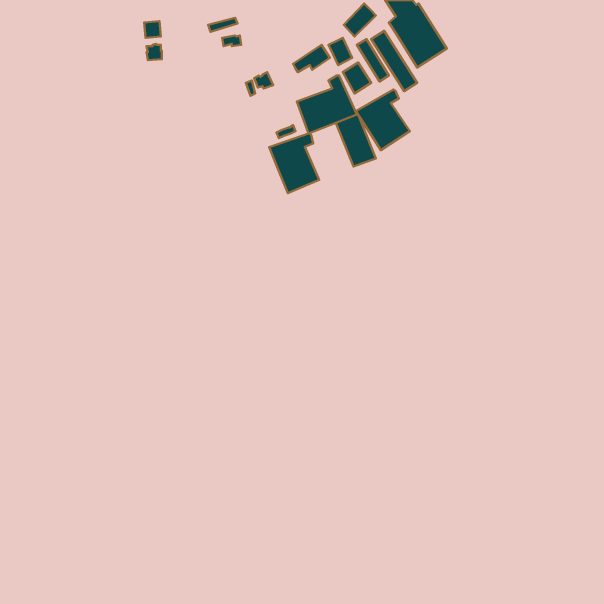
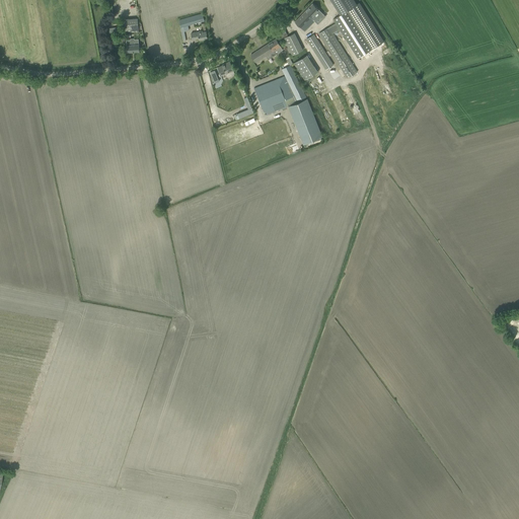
building: [356,90,410,150] -> none
building: [269,133,319,193] -> none

